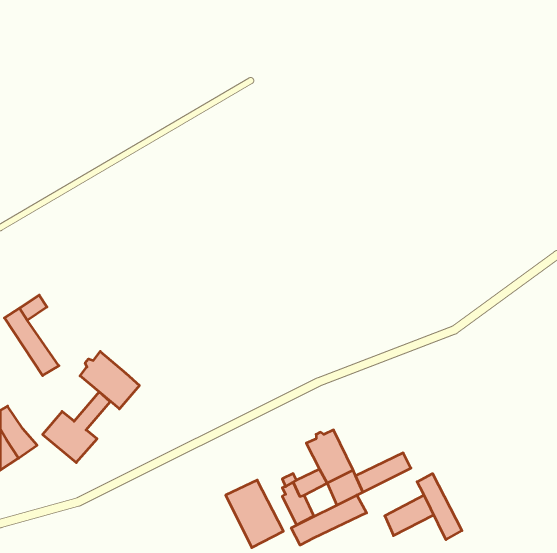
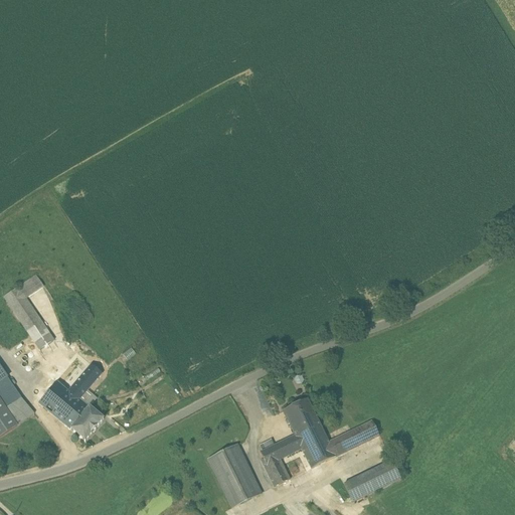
building: [80,351,139,409] -> none
building: none -> [70,405,104,440]
building: [417,474,462,540] -> none
building: [291,495,367,545] -> none

